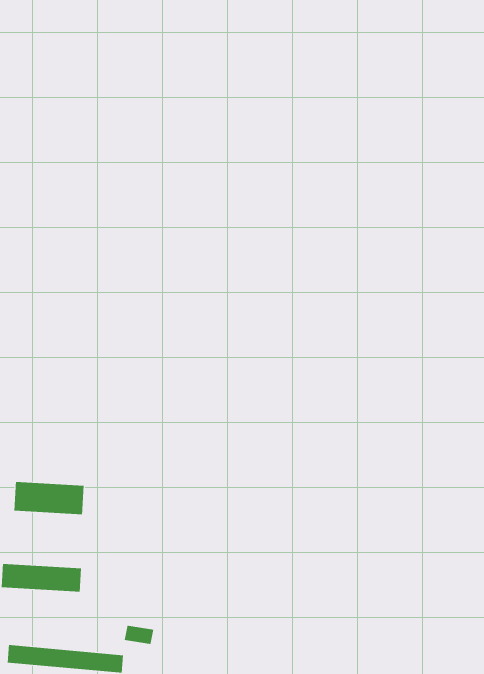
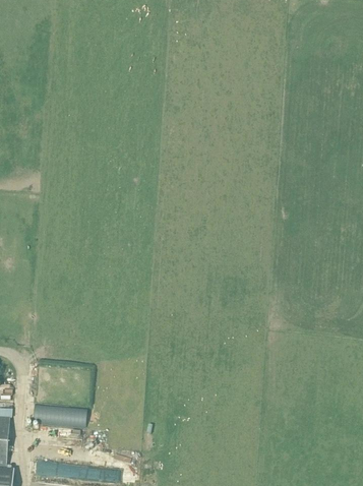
building: [14,481,84,515] -> none

